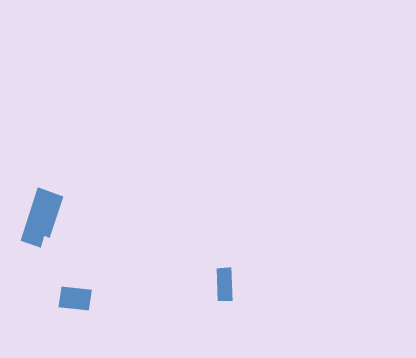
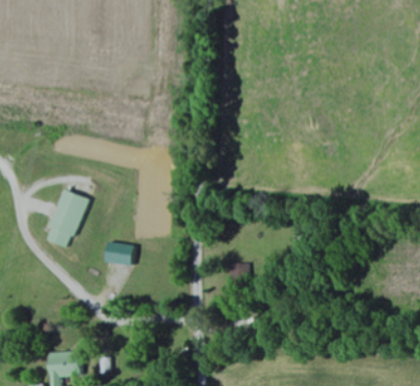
building: [58,286,93,311] -> [103,242,136,266]

